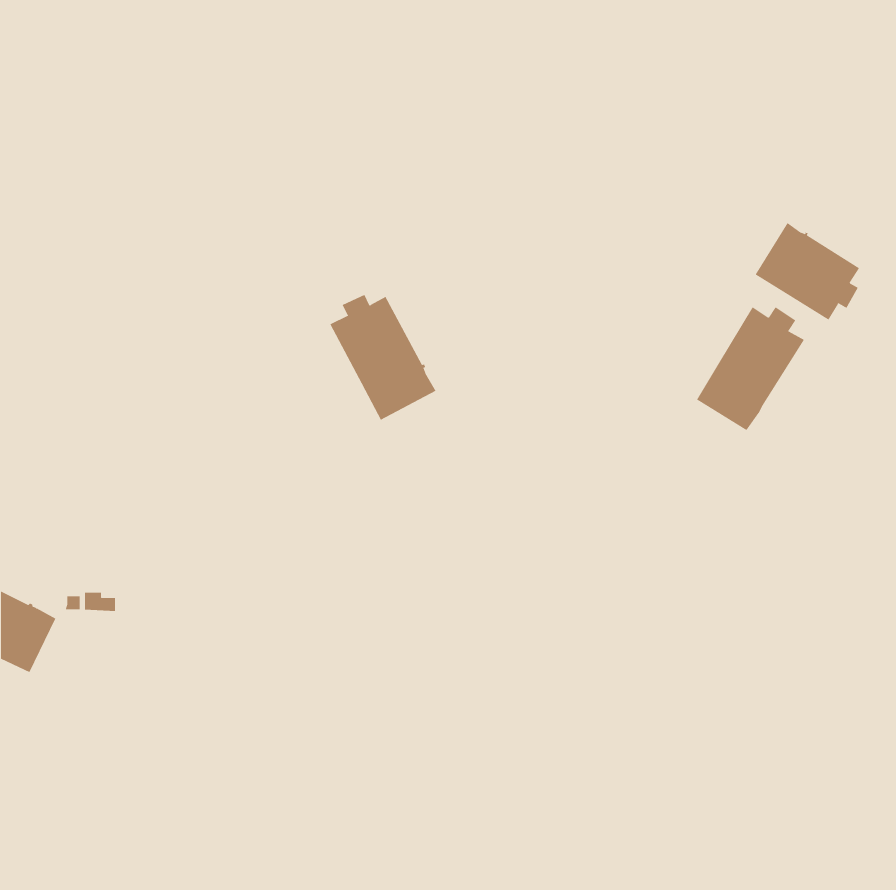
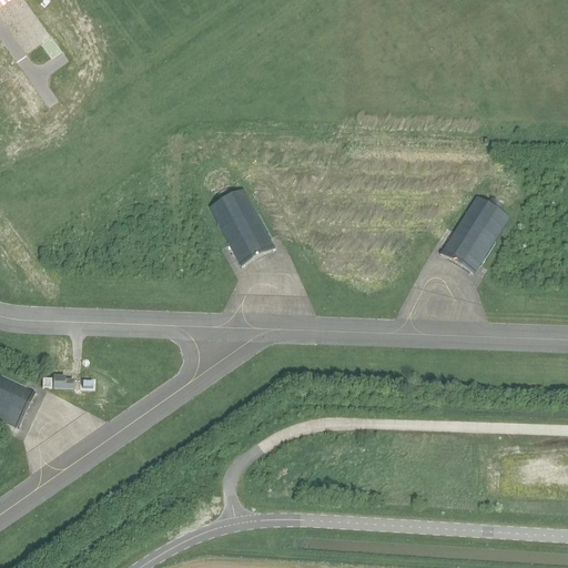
building: [755,222,860,321] -> none

